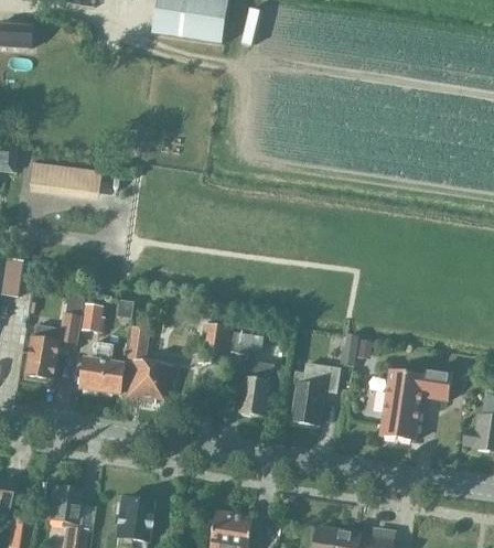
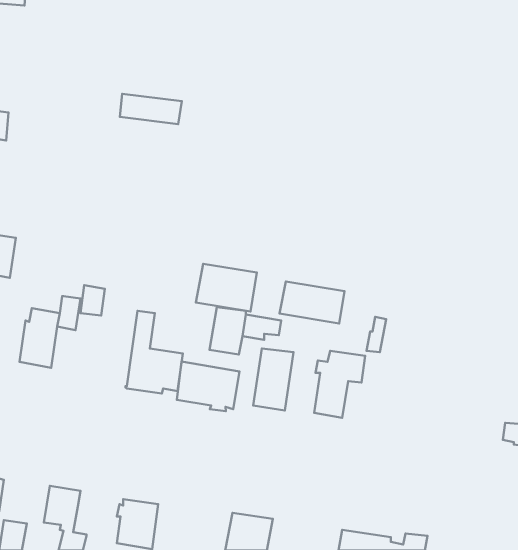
building: [30,163,86,191] -> [120,94,182,124]
building: none -> [196,264,257,312]
building: none -> [279,281,344,324]
building: [79,343,126,393] -> none
building: [380,369,452,439] -> none
building: none -> [177,362,239,411]

